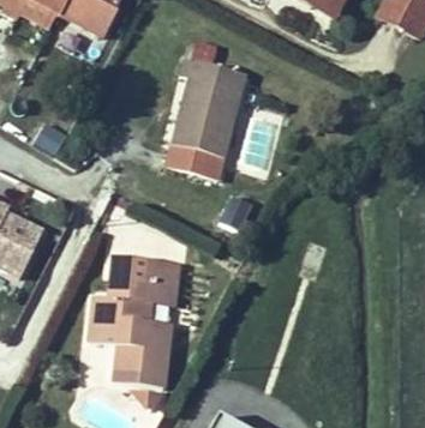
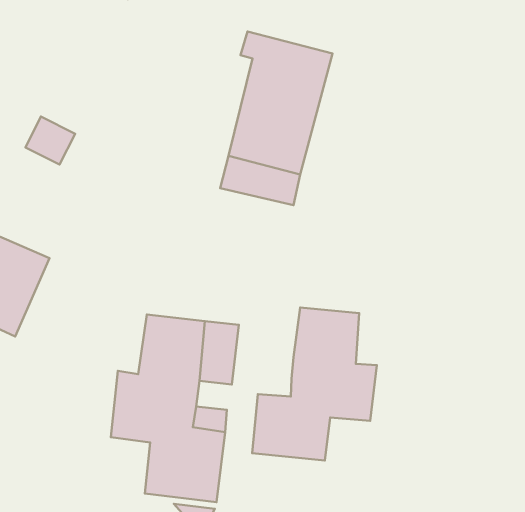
building: none -> [252,307,377,460]

